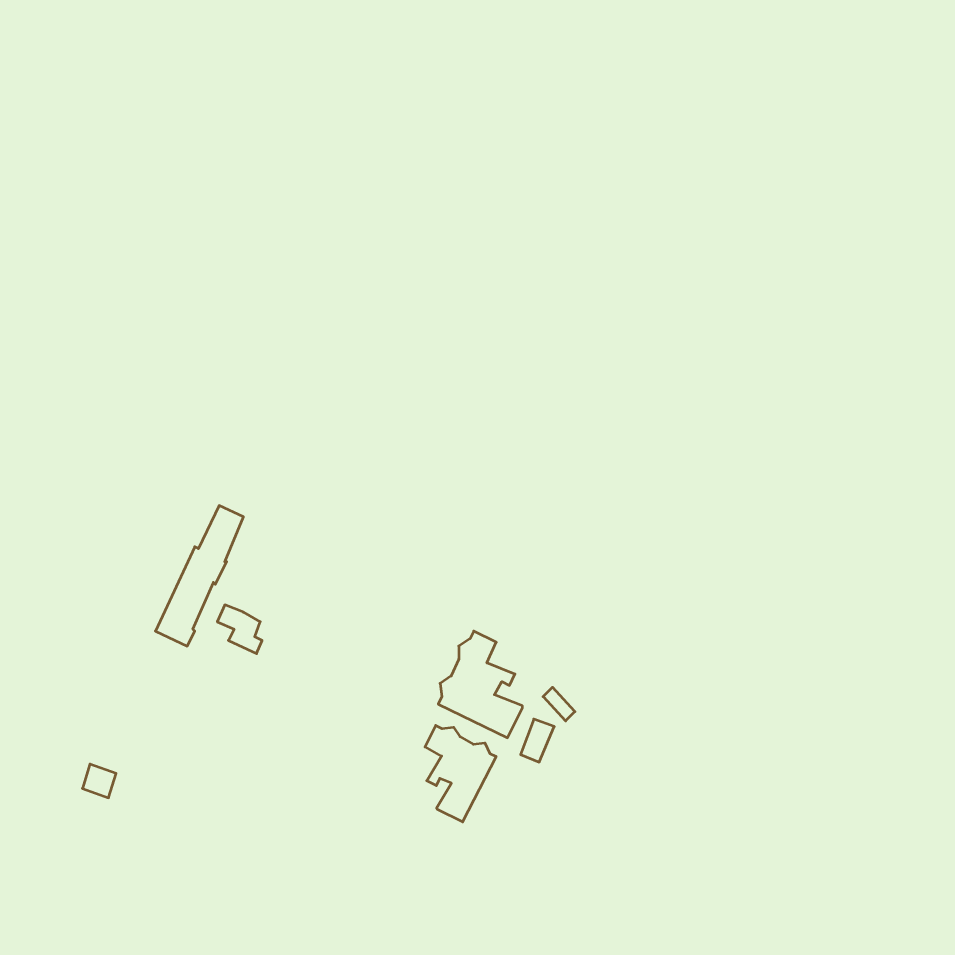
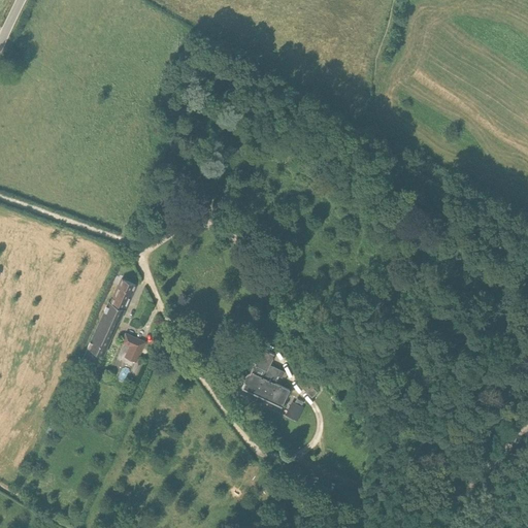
building: [425,725,496,822] -> none

